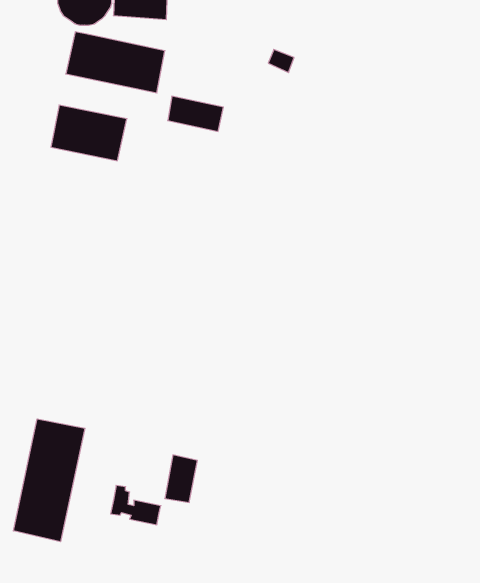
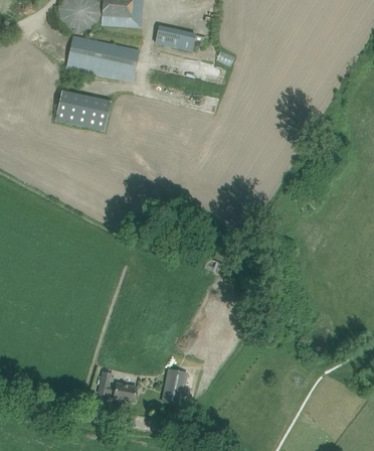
building: [168,96,223,131] -> [155,24,196,50]
building: [13,419,85,542] -> none
building: [165,455,197,502] -> [162,368,186,404]

